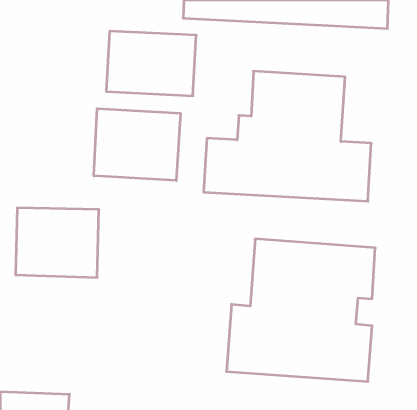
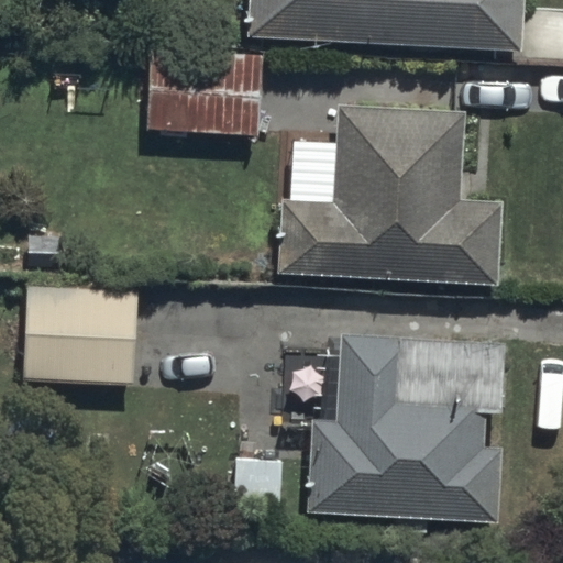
building: [94,109,180,181] -> none

